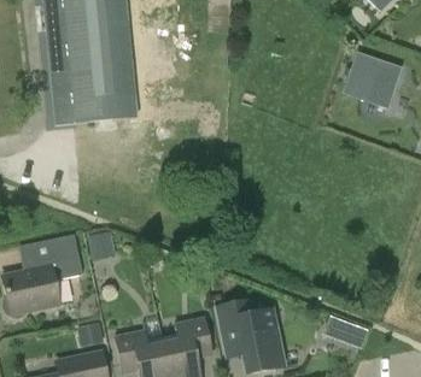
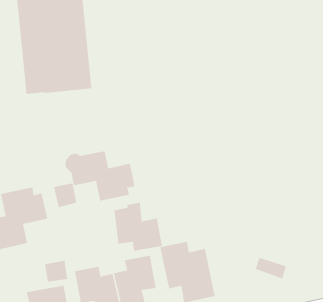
building: [345,54,400,107] -> none
building: none -> [65,150,135,202]
building: none -> [114,202,163,251]

